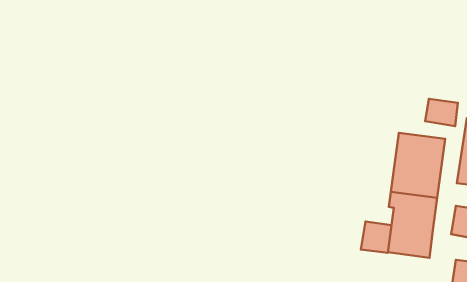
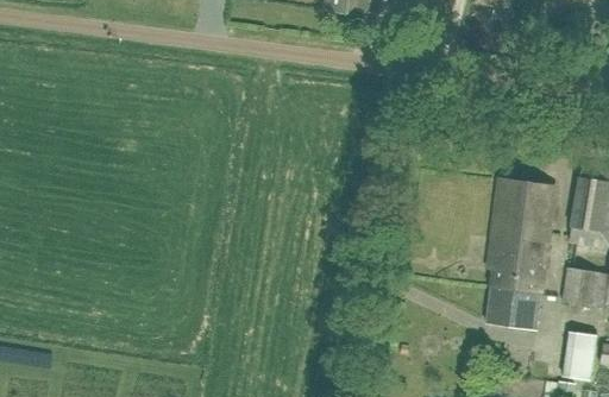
building: [425,99,458,126] -> none
building: [361,221,392,253] -> none

